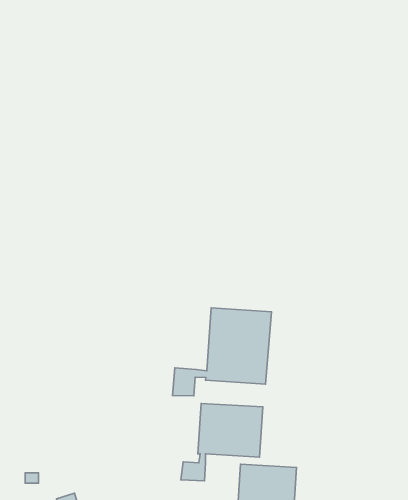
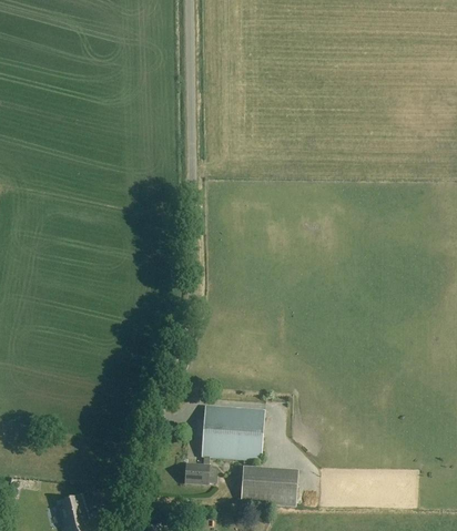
building: [172,308,271,396] -> none

